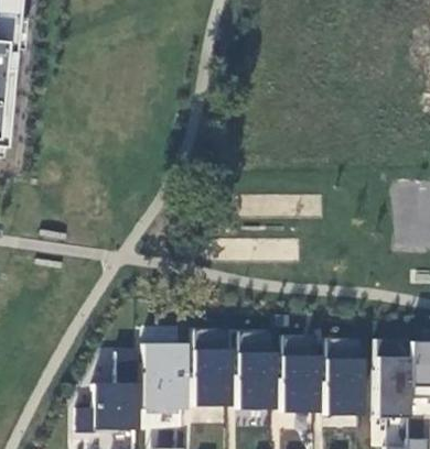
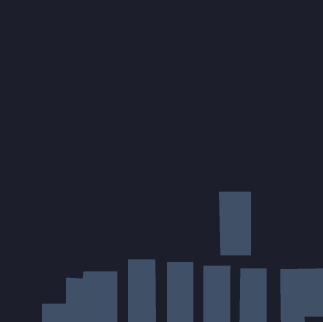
building: none -> [219,191,251,256]

